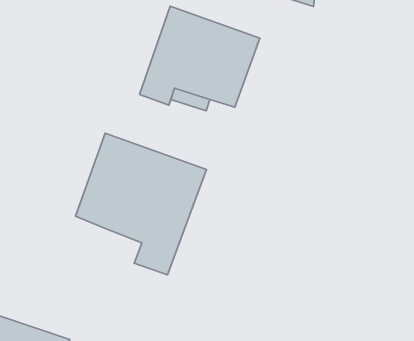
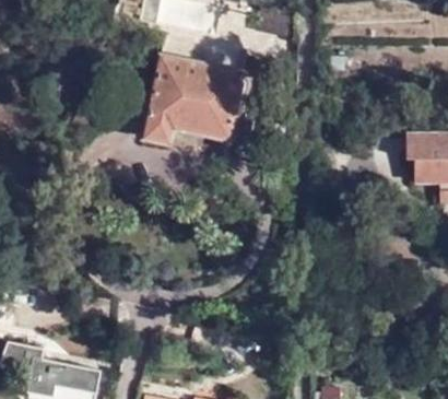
building: [75,133,206,275] -> none

